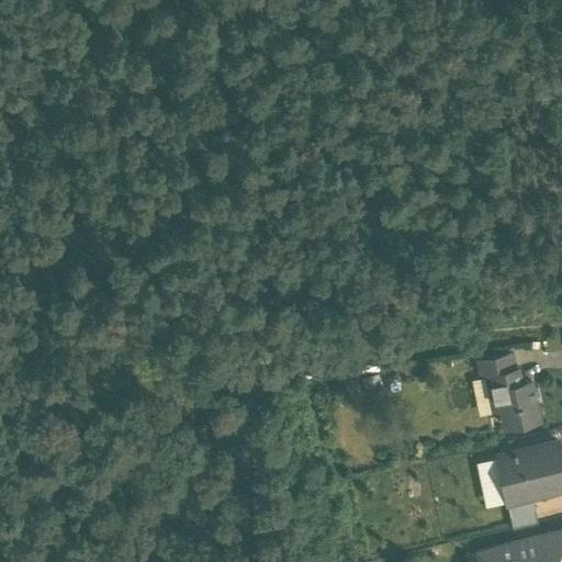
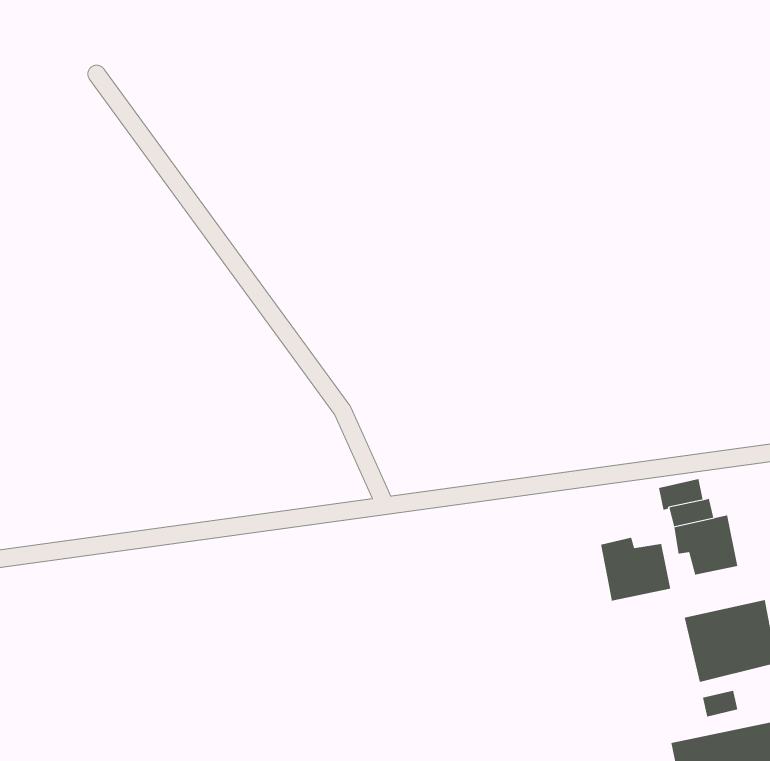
building: none -> [601,537,671,602]

